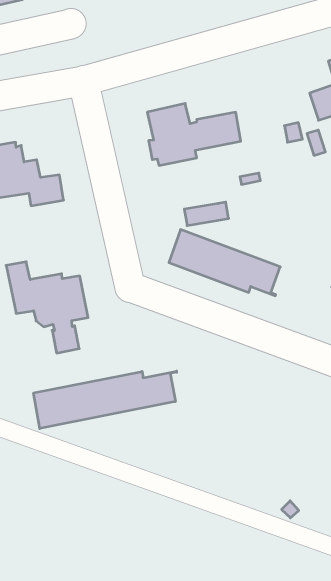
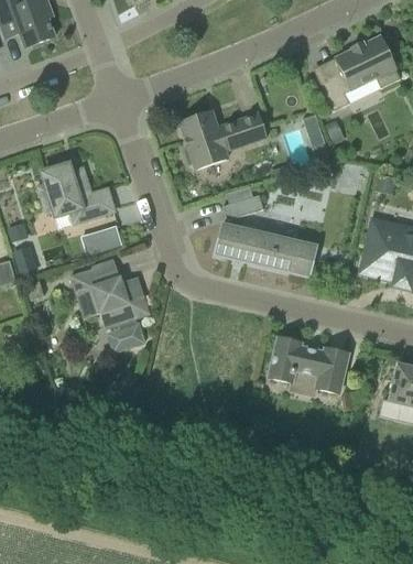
building: none -> [80,225,121,254]
building: none -> [268,336,347,392]
building: [34,371,177,429] -> none

